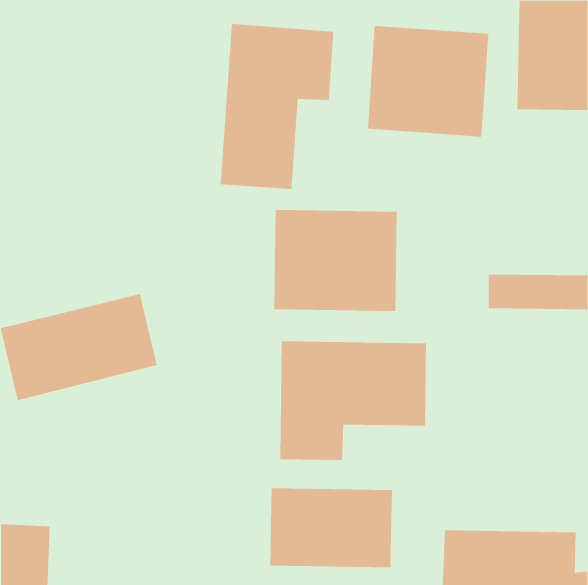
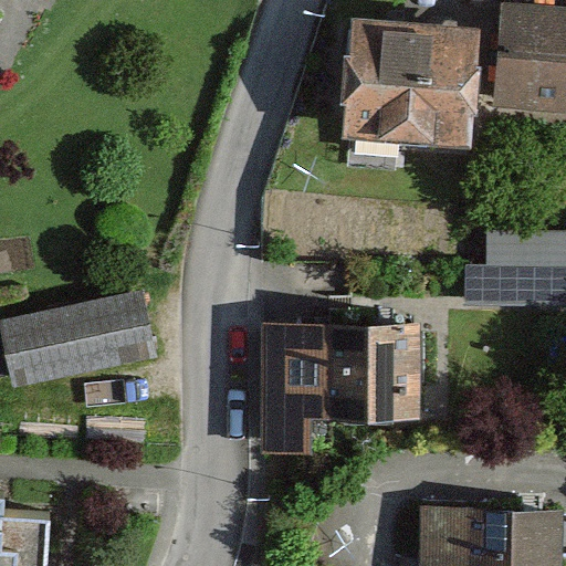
building: [220,23,334,190] -> none
building: [274,209,397,312] -> none
building: [270,488,392,568] -> none

